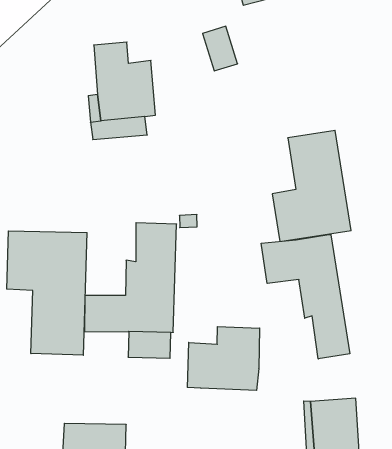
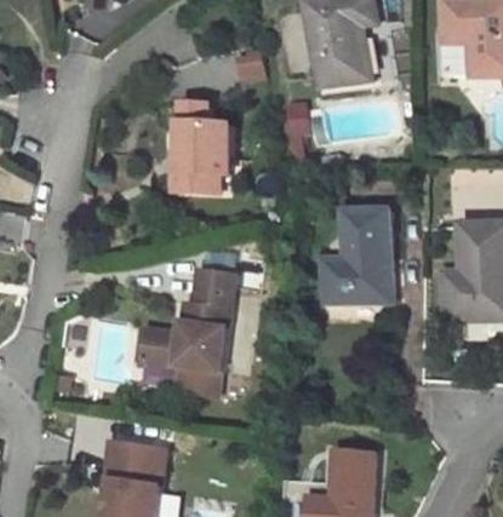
building: [7,231,87,355] -> none
building: [261,235,350,359] -> none
building: [187,327,260,390] -> none

